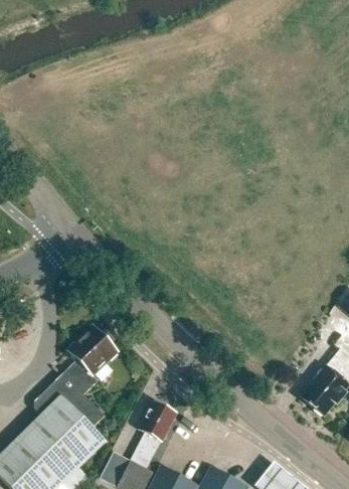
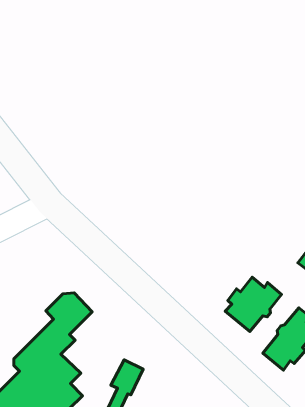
building: none -> [225,277,281,331]

